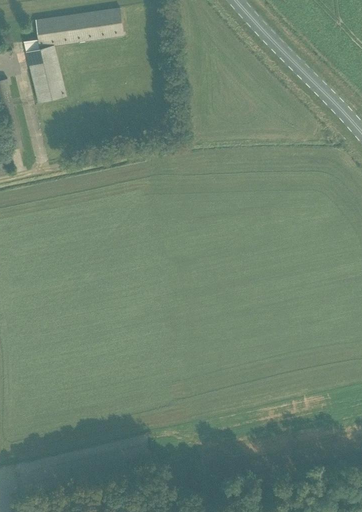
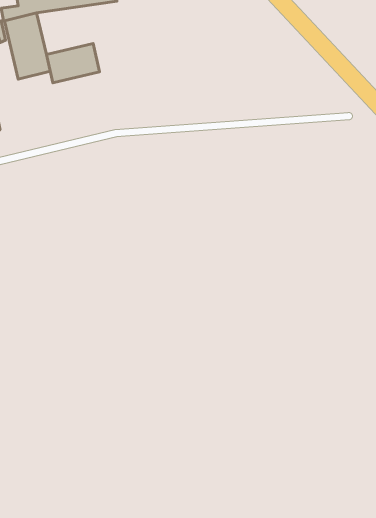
building: none -> [47,43,100,83]

